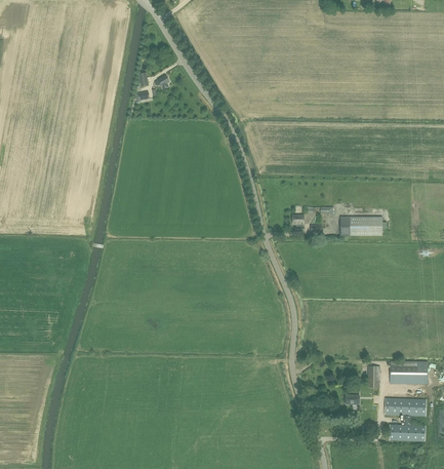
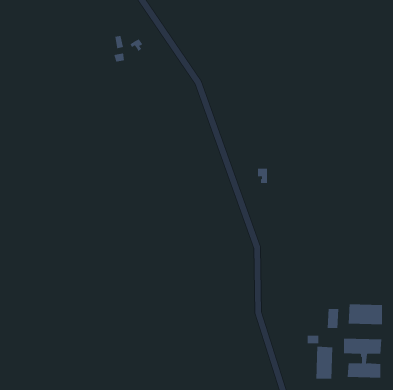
building: [340,216,382,234] -> none
building: none -> [316,346,333,380]

